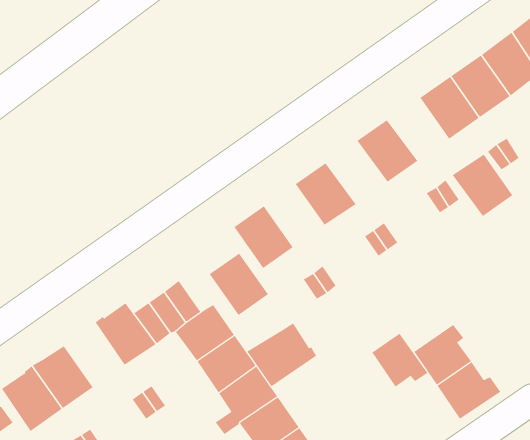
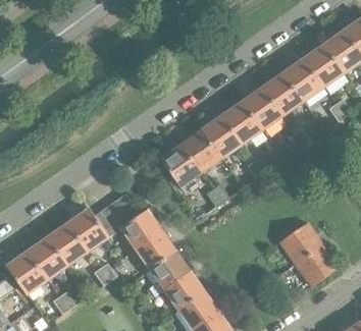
building: none -> [222,102,263,144]
building: [452,154,513,217] -> [263,73,304,115]
building: [209,253,269,316] -> [182,130,221,172]
building: [247,322,317,387] -> none
building: none -> [49,222,89,265]
building: [372,333,428,387] -> none

